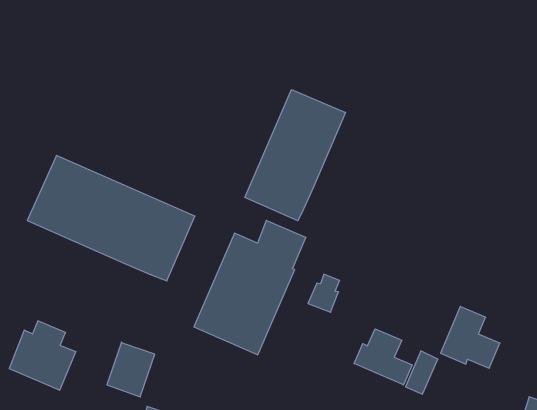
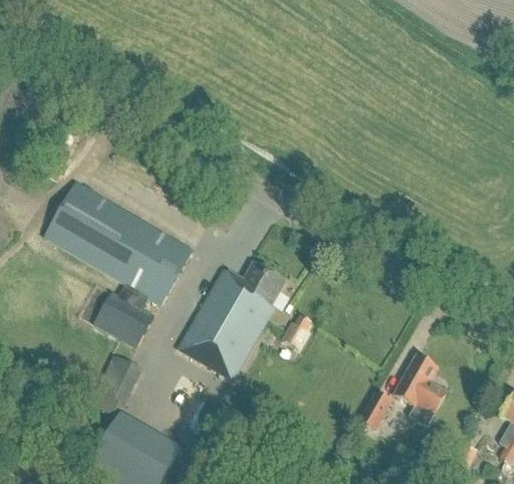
building: [245,90,346,221] -> none
building: [9,321,76,390] -> [93,284,154,347]
building: [354,329,412,385] -> none

